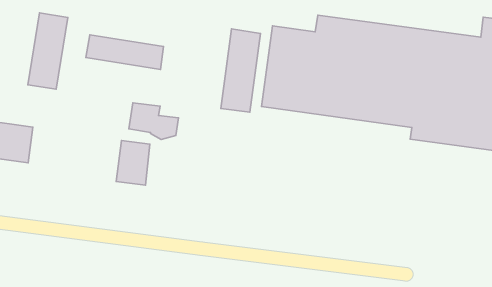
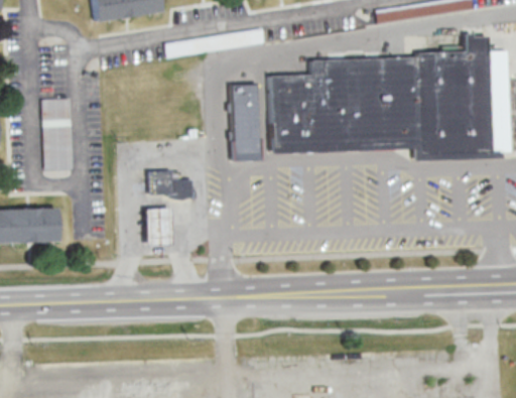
building: [86,35,163,69] -> none

